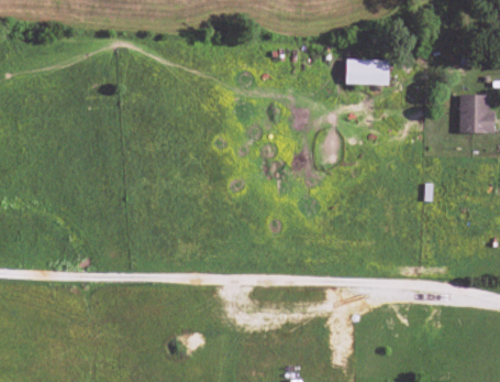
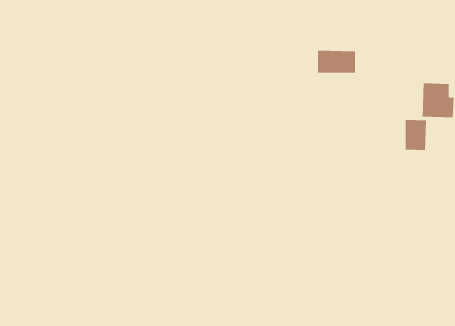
building: none -> [405,119,427,151]

